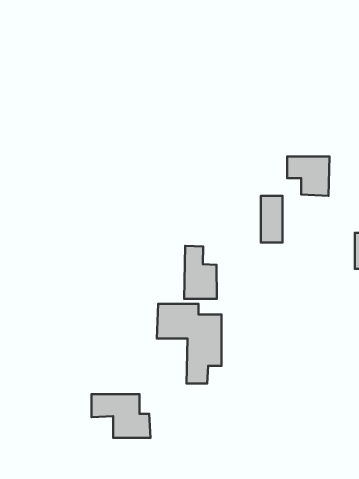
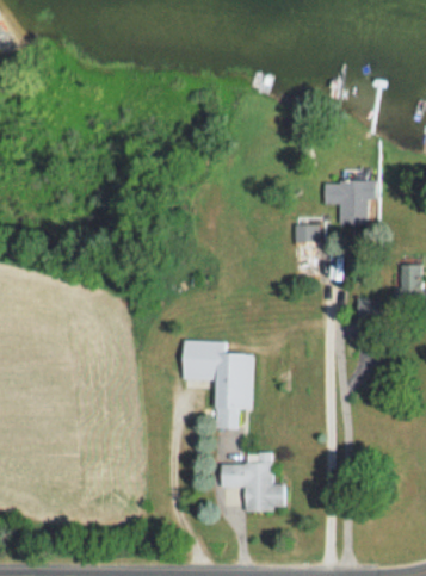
building: [184,246,217,299] -> none
building: [91,394,150,438] -> [221,463,285,510]

